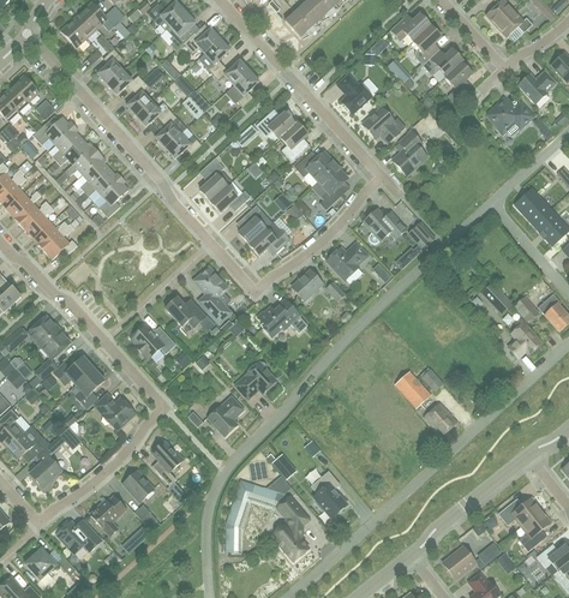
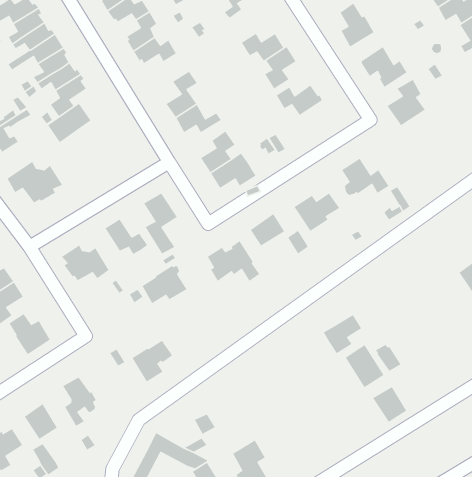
building: [318,162,348,208] -> none
building: none -> [47,103,91,143]
building: none -> [6,161,63,204]
building: none -> [323,314,362,354]
building: [235,360,276,397] -> [141,265,187,304]

